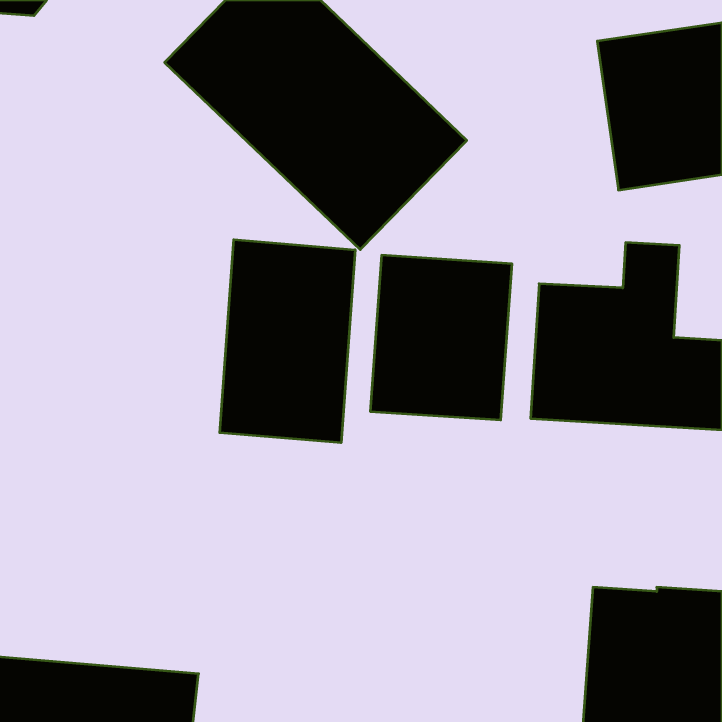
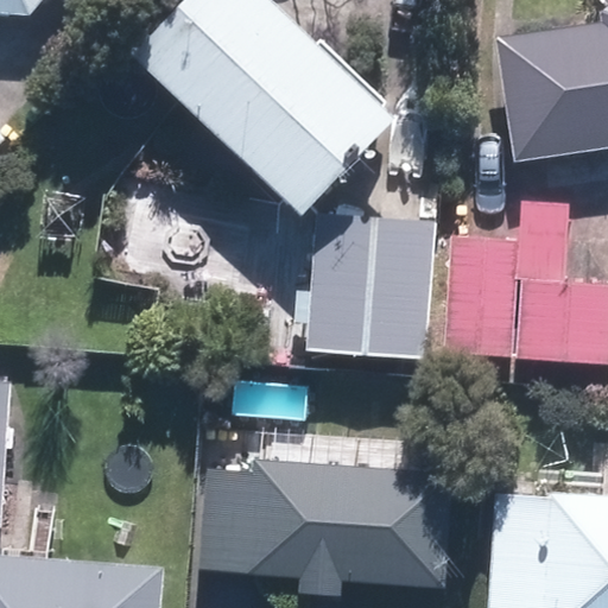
building: [220,240,355,443] -> none
building: none -> [202,456,455,589]

